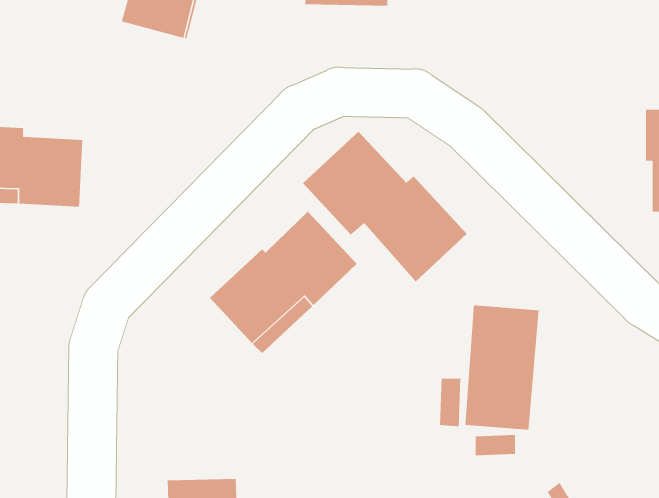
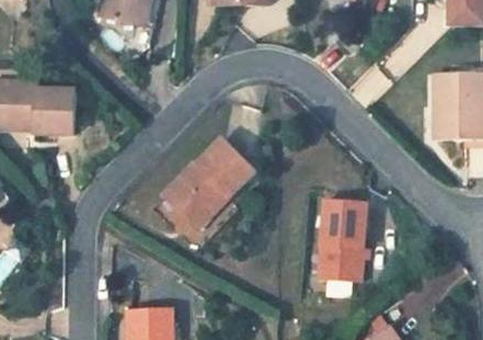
building: [302,131,467,282] -> none

